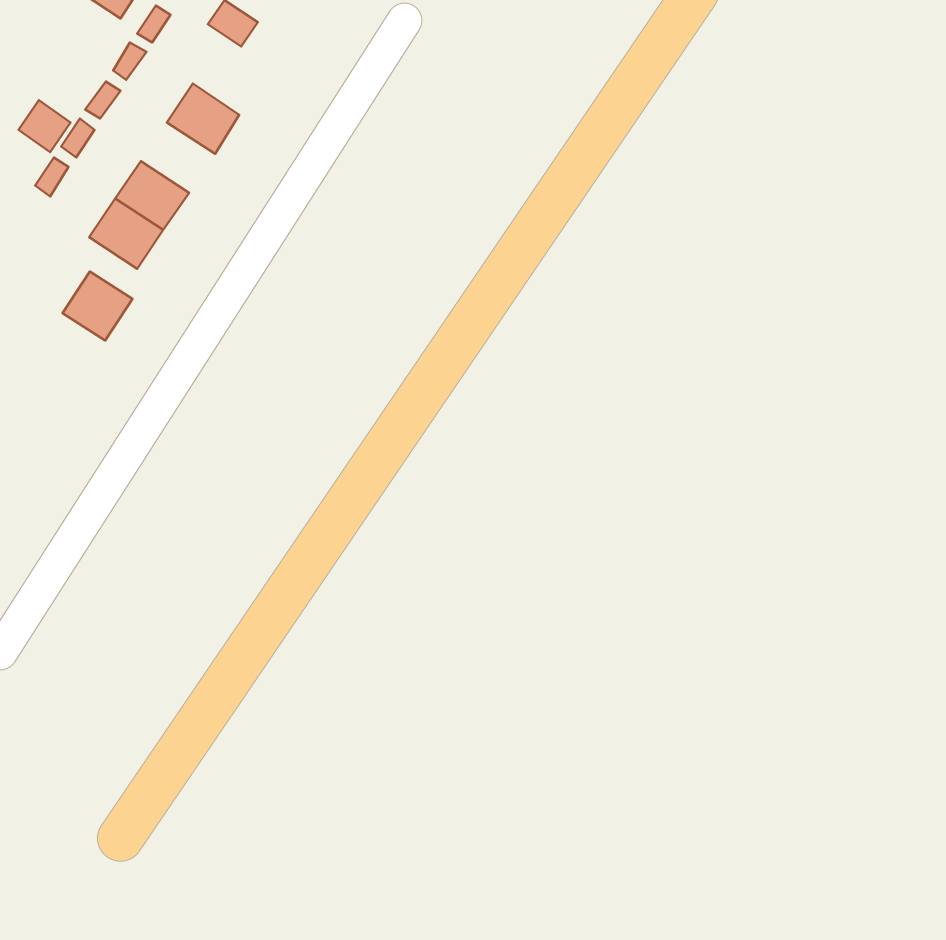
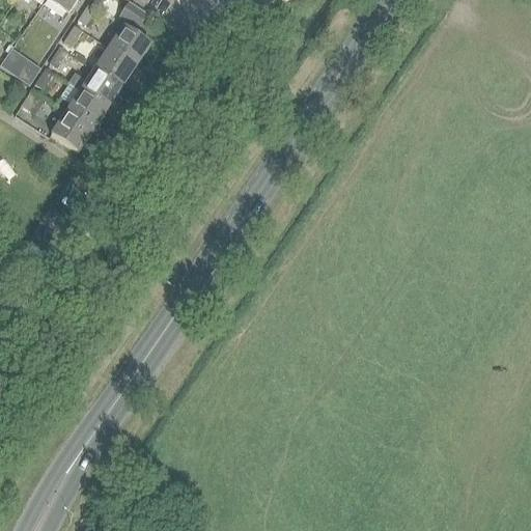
building: none -> [109,25,150,64]
building: none -> [69,68,121,108]
building: [63,271,132,341] -> none

